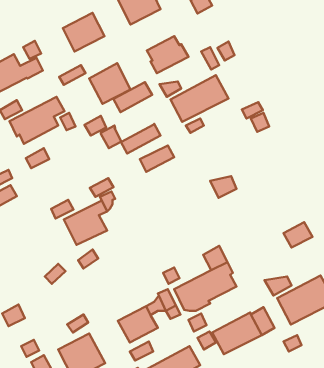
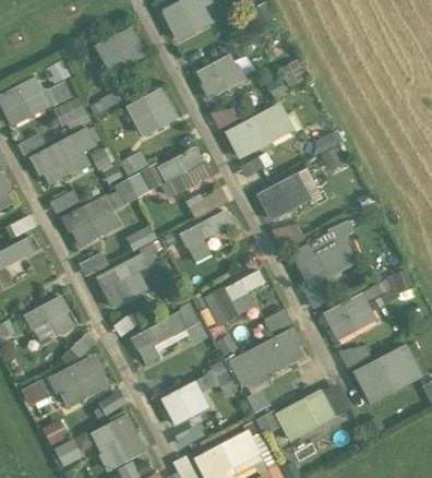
building: none -> [55,97,91,132]
building: [113,82,152,112] -> [157,146,204,182]
building: none -> [113,172,151,204]
building: none -> [257,172,311,219]
building: none -> [61,194,119,246]
building: none -> [179,210,232,261]
building: none -> [291,220,357,287]
building: none -> [204,271,265,324]
building: none -> [323,292,376,340]
building: none -> [24,295,76,335]
building: none -> [130,302,206,365]
building: none -> [48,354,108,406]

